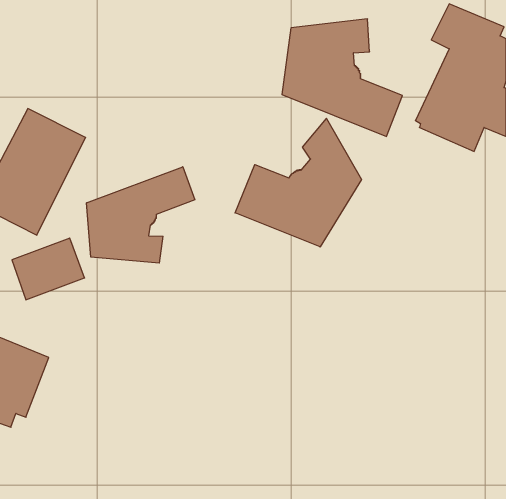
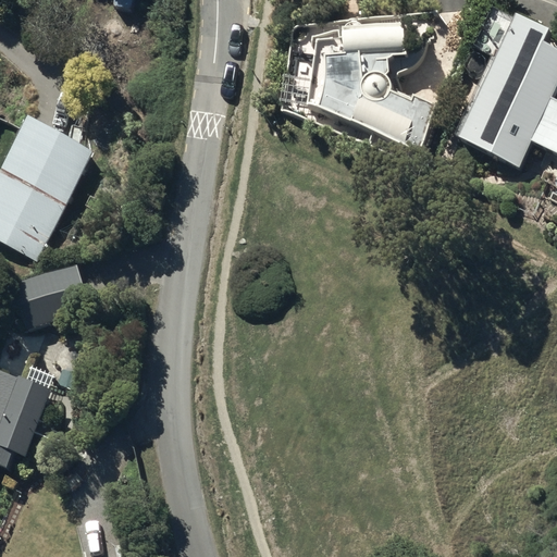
building: [235,118,361,247] -> none
building: [87,167,195,263] -> none

